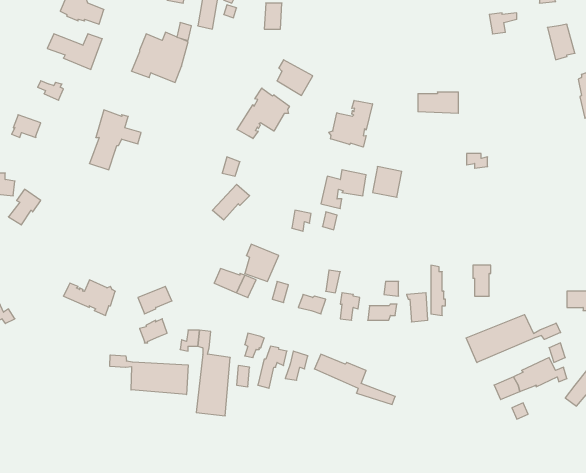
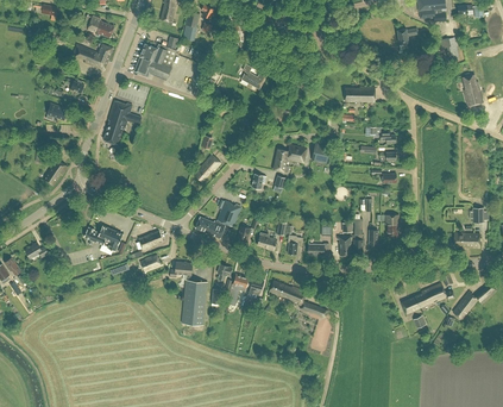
building: [237,88,289,139] -> none
building: [329,100,372,147] -> none
building: [466,315,561,363] -> none
building: [110,355,188,395] -> none

